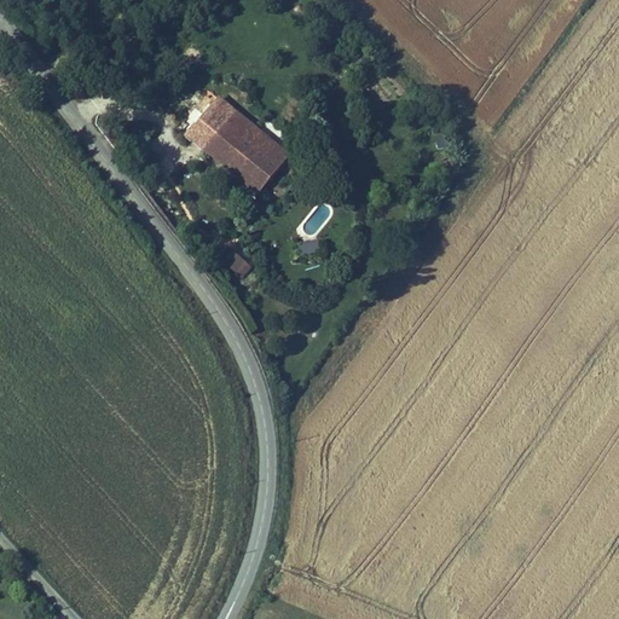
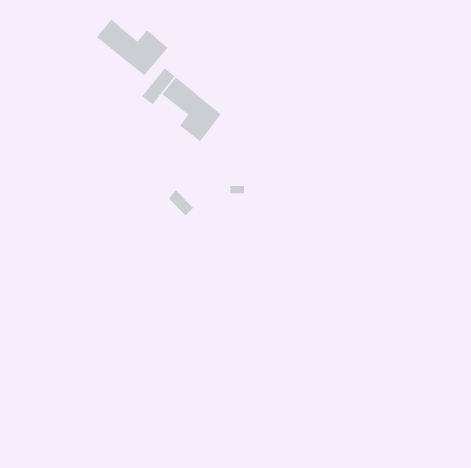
building: none -> [96,19,169,76]
building: [201,128,245,169] -> none

